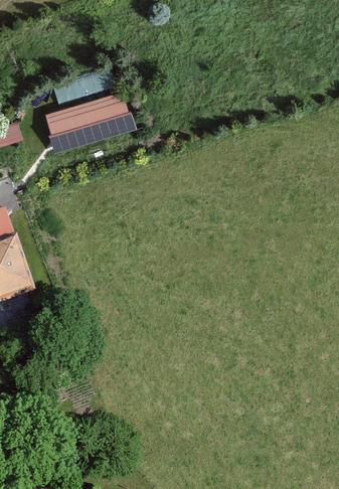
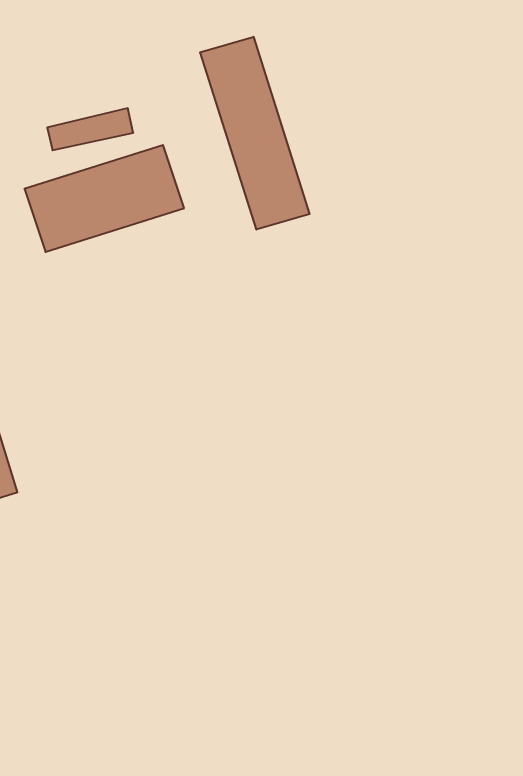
building: none -> [200,37,310,230]

